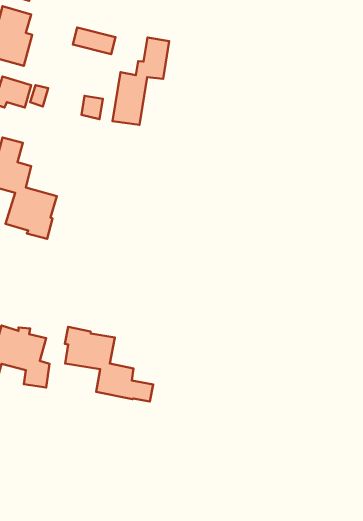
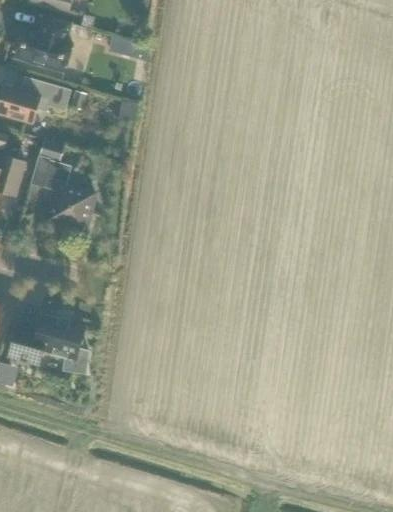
building: [112,38,169,125] -> none
building: [65,327,153,402] -> none

